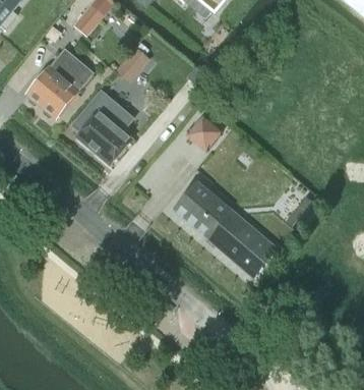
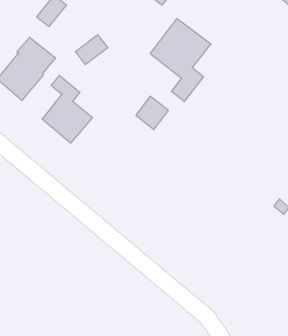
building: none -> [150,19,211,102]
building: [173,180,277,276] -> none

